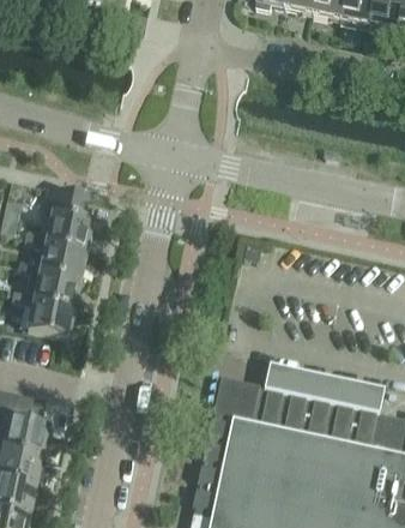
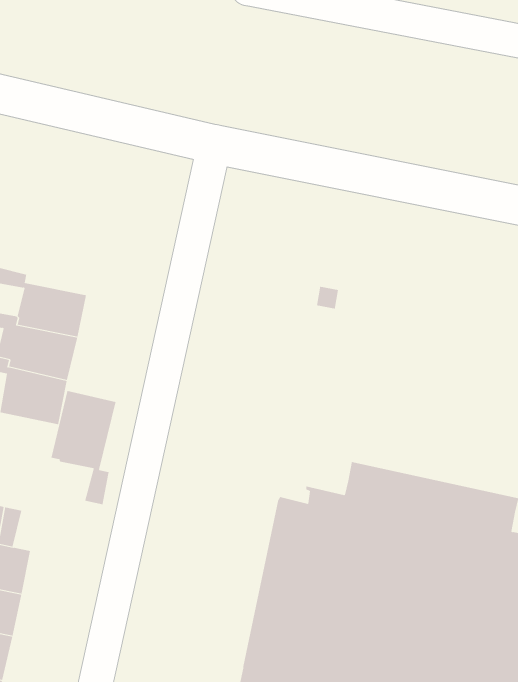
building: [42,192,93,250] -> none
building: none -> [51,390,116,505]

